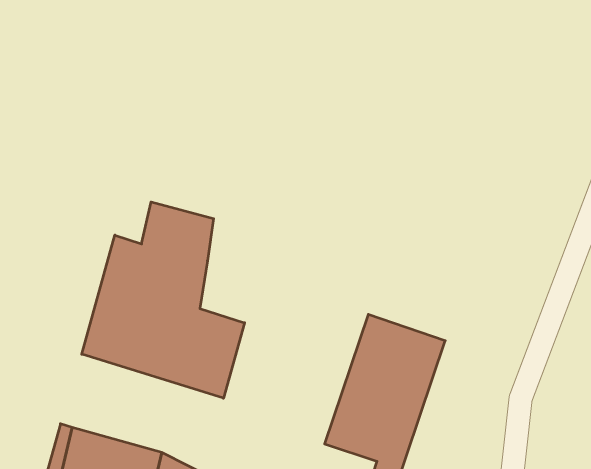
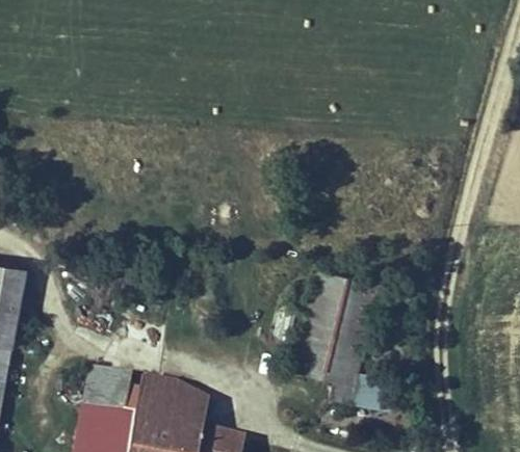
building: [82,202,245,398] -> none

